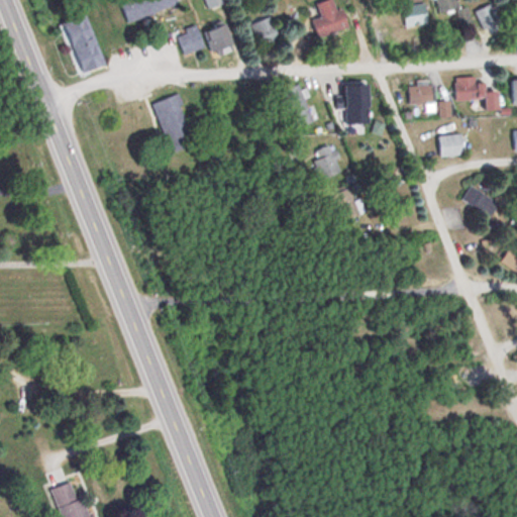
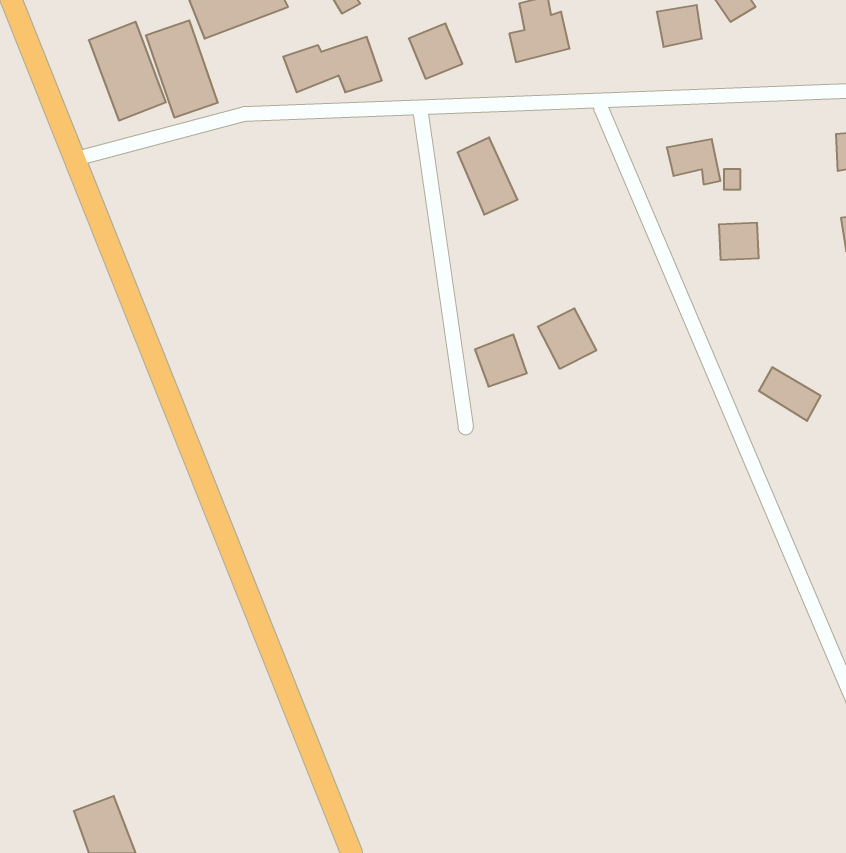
building: [476,4,505,33] -> none
building: [455,77,496,110] -> none
building: [343,85,369,121] -> none
building: [153,94,197,152] -> [146,20,218,118]
building: [313,148,344,180] -> [475,335,527,387]
building: [462,186,500,218] -> [759,367,821,421]

